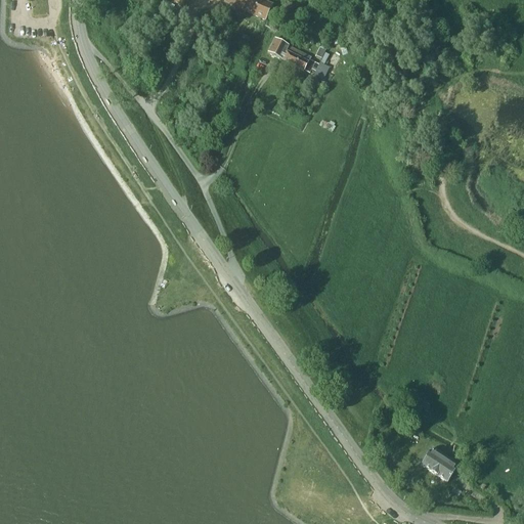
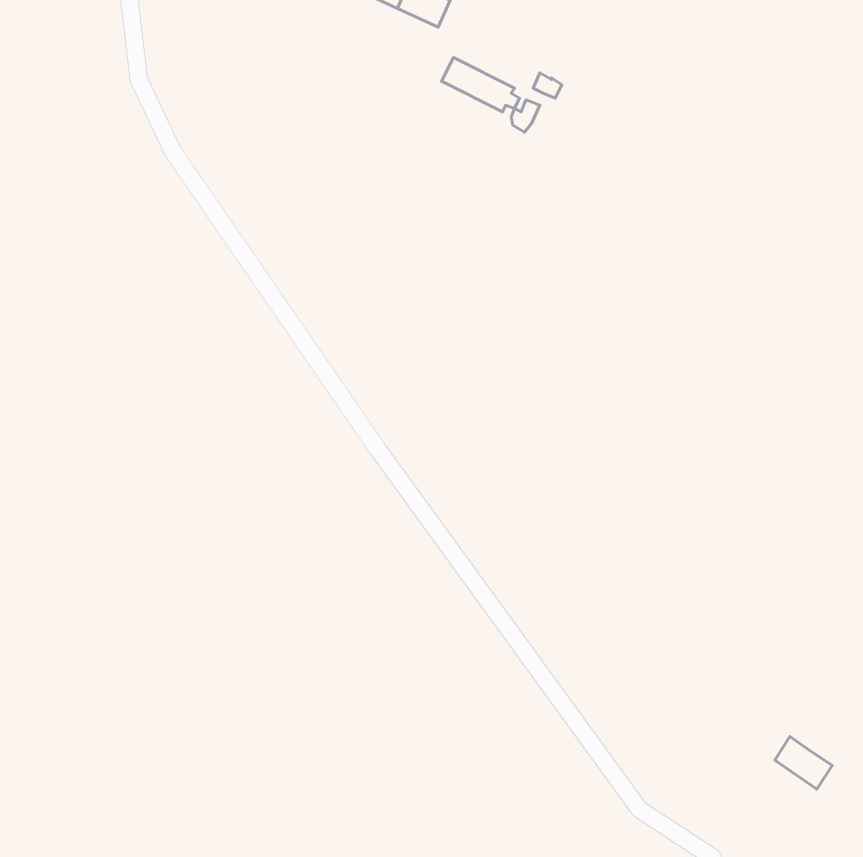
building: [422,447,456,479] -> [775,737,832,789]

